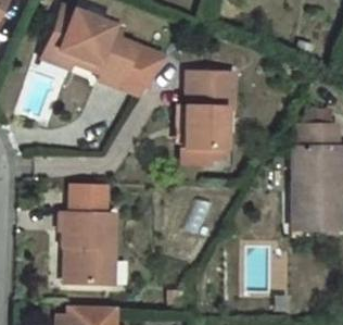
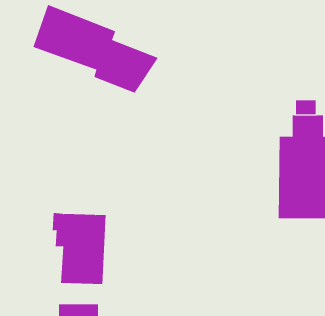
building: [173,83,230,176] -> none
building: [74,189,107,220] -> none

